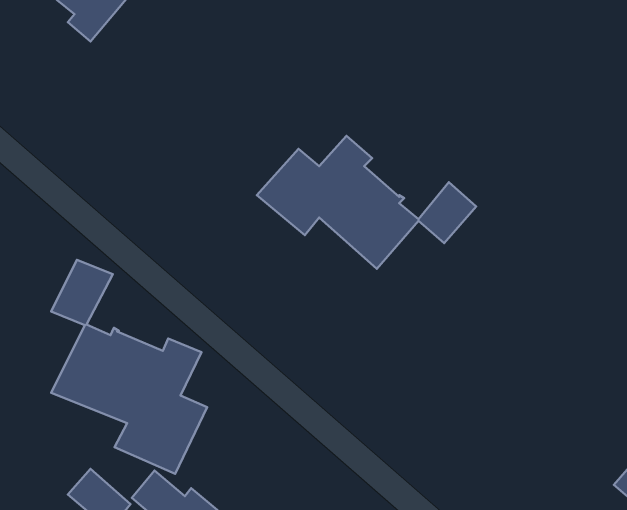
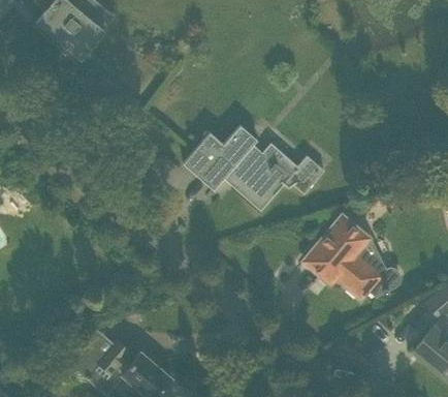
building: [51,260,207,474] -> none
building: none -> [302,212,402,299]

